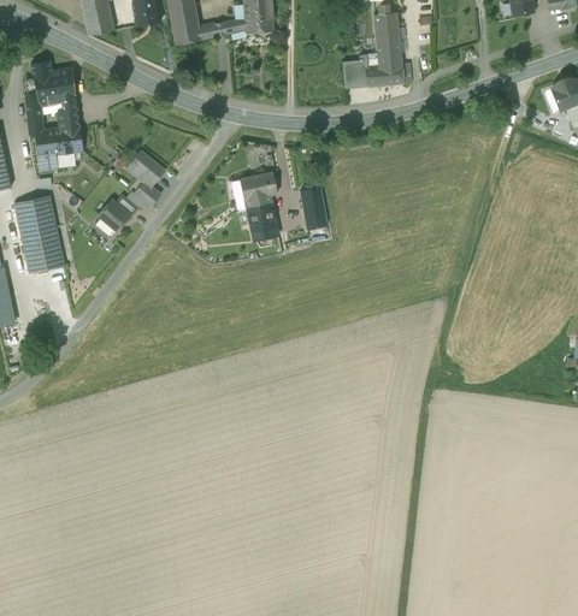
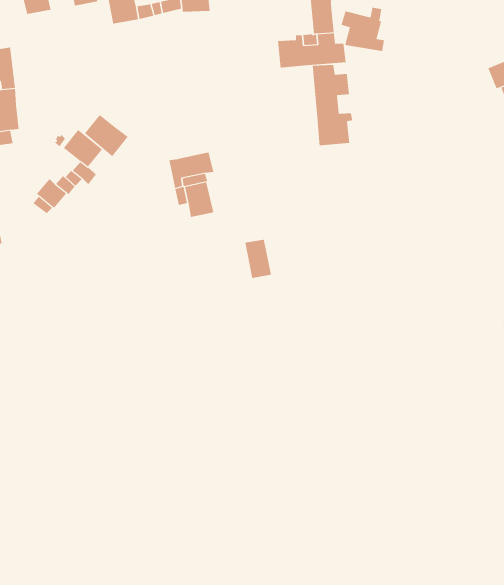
building: none -> [341,7,385,52]
building: none -> [312,64,353,146]
building: none -> [84,114,129,157]
building: [299,188,326,227] -> [244,239,272,278]

